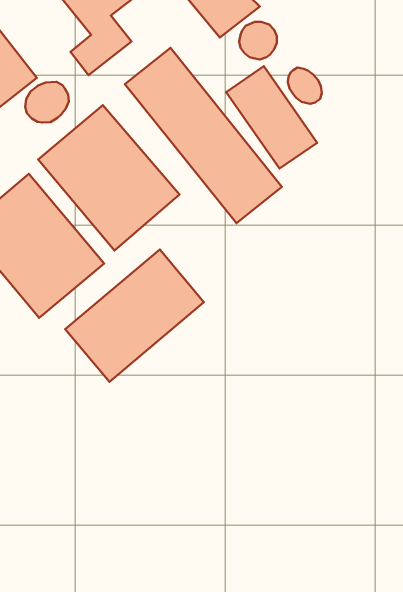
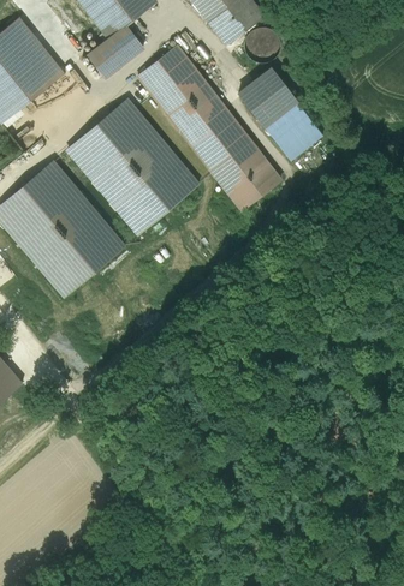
building: [288,68,322,104] -> none
building: [25,82,69,123] -> none
building: [65,250,204,382] -> none

